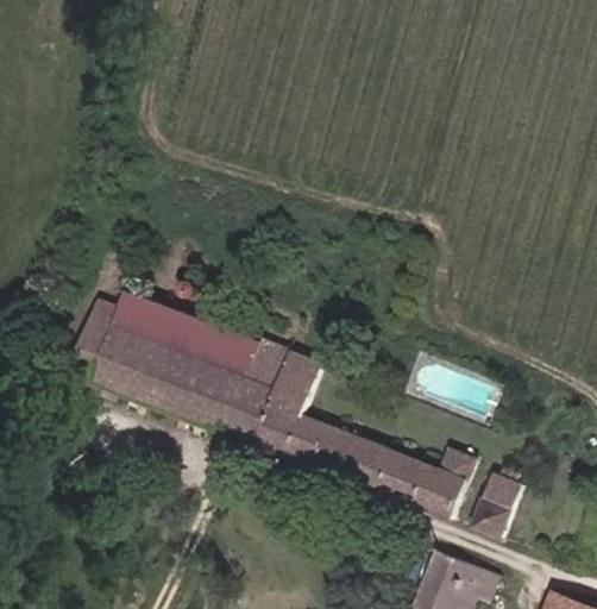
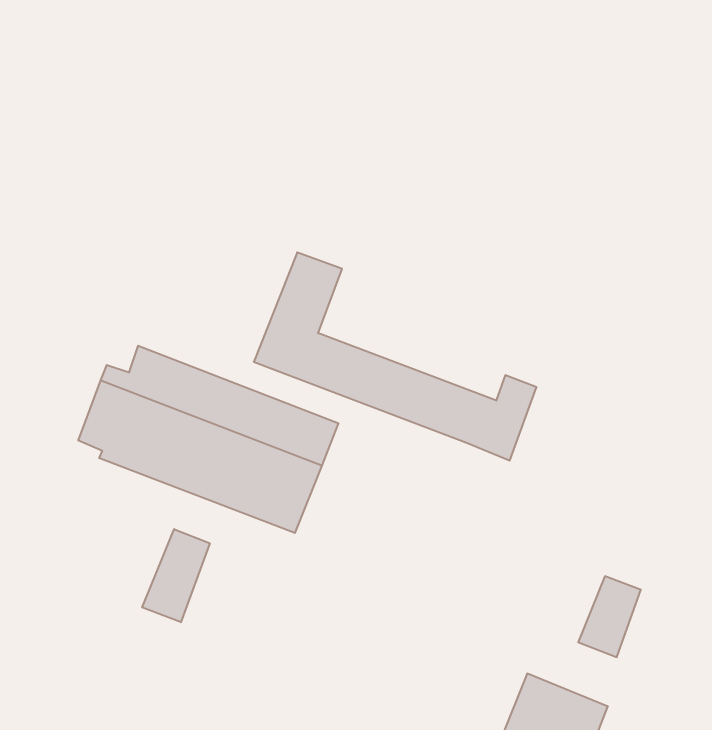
building: [247,351,472,516] -> [254,252,537,461]
building: none -> [142,529,210,622]

